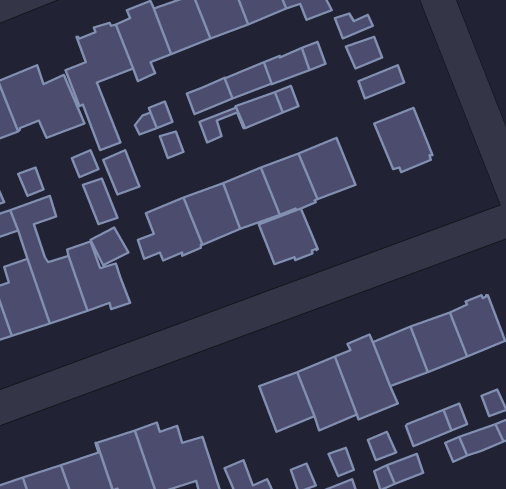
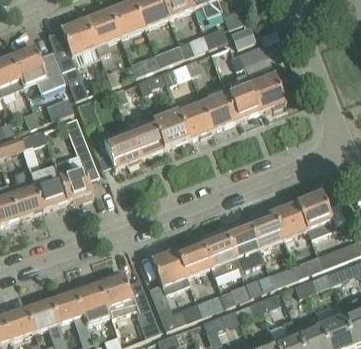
building: none -> [225,83,261,122]
building: [259,209,318,264] -> none
building: none -> [150,249,189,294]

